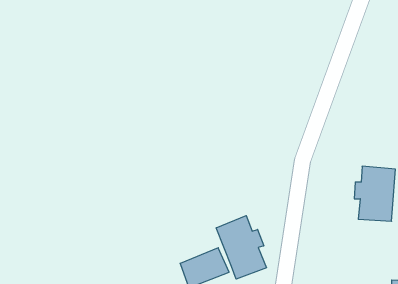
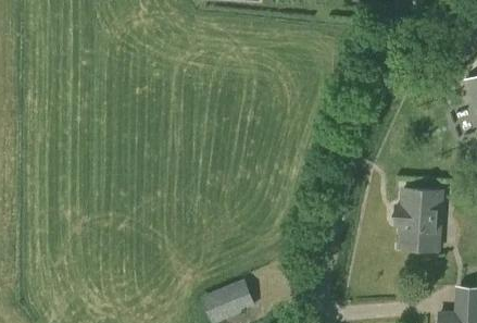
building: [216,216,267,279] -> none

